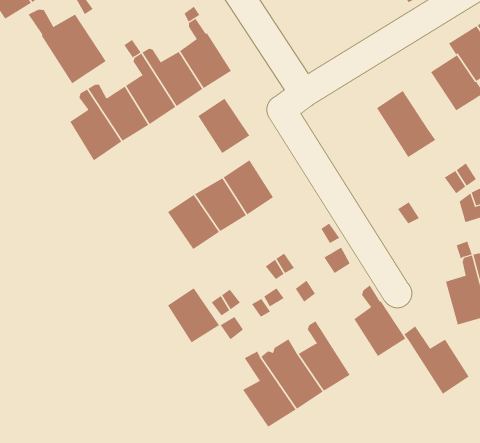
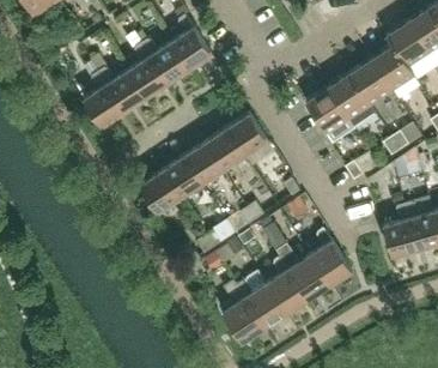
building: [28,9,106,84] -> none
building: none -> [349,59,391,104]
building: [198,98,250,154] -> [227,114,269,158]
building: none -> [305,88,354,143]
building: [167,287,220,343] -> [140,170,182,215]
building: [403,325,470,395] -> [276,245,329,300]

